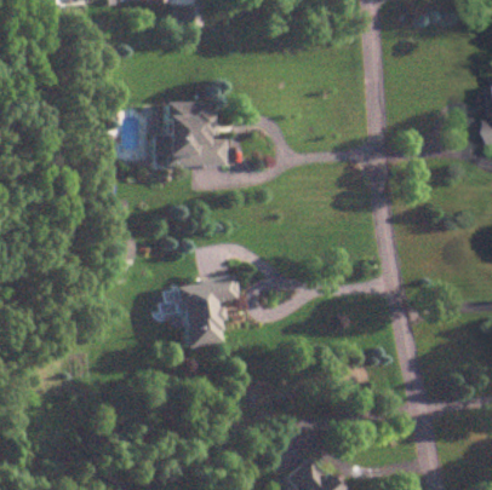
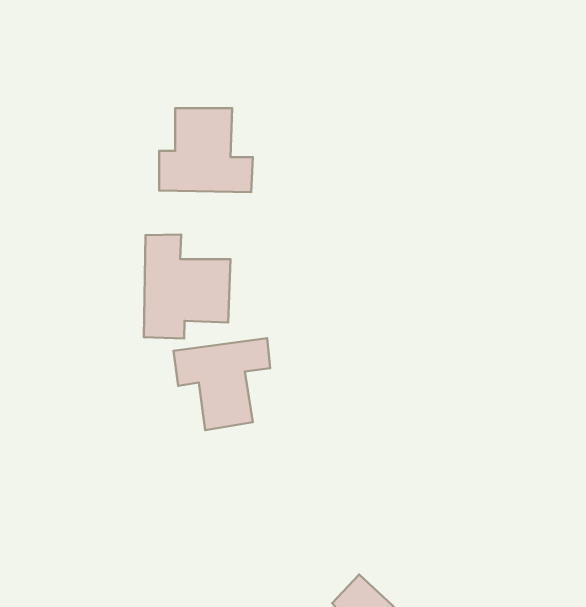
building: none -> [144,235,230,339]

